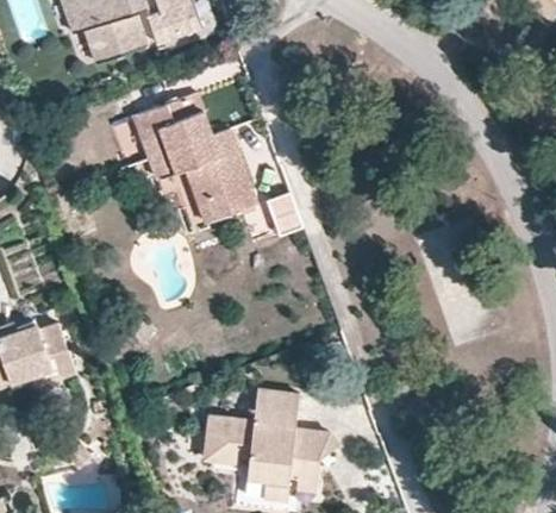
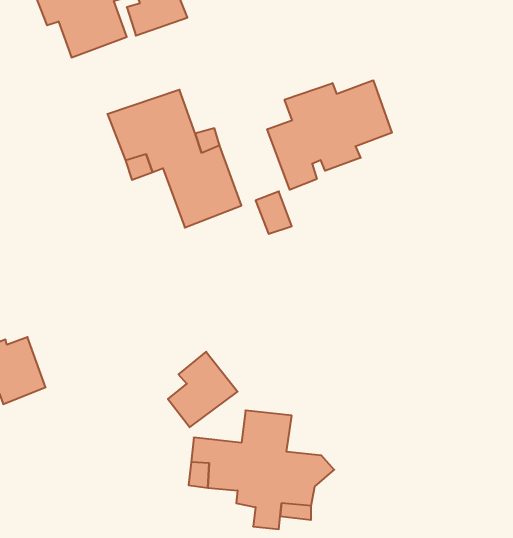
building: none -> [267,80,392,190]
building: none -> [168,352,238,427]

